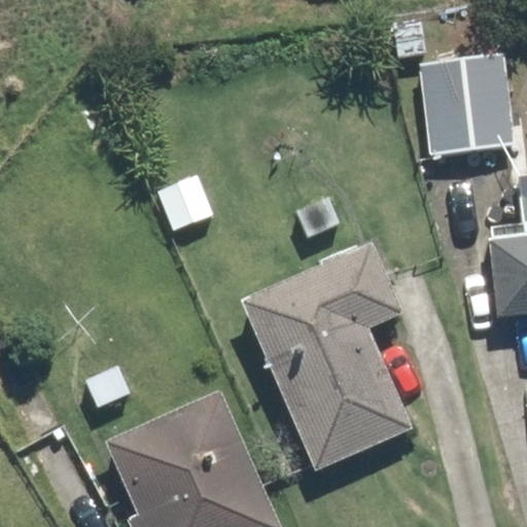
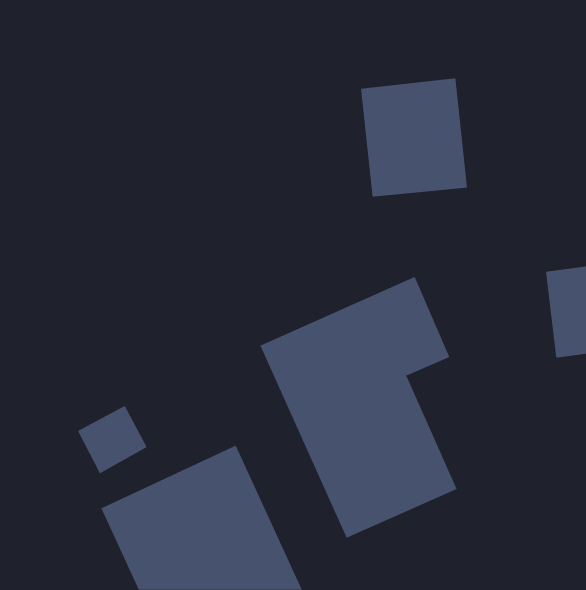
building: [420,50,515,155] -> [360,78,468,197]

